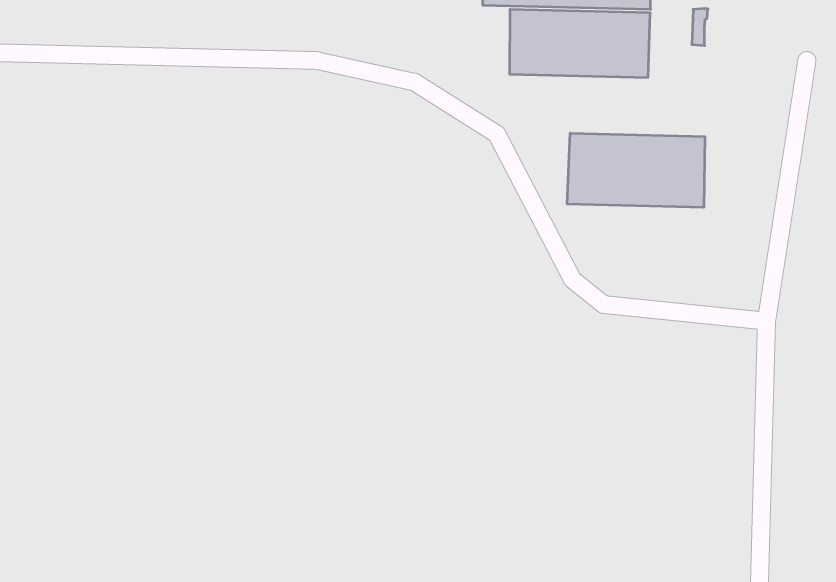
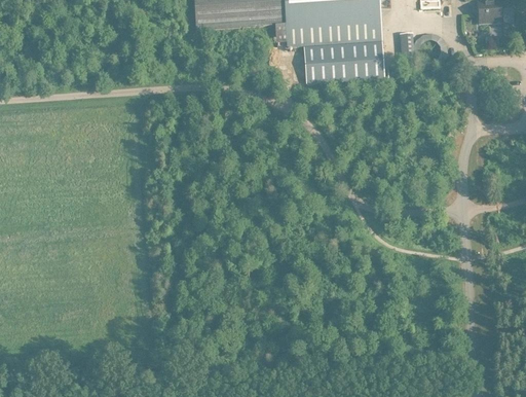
building: [567,133,705,207] -> none

